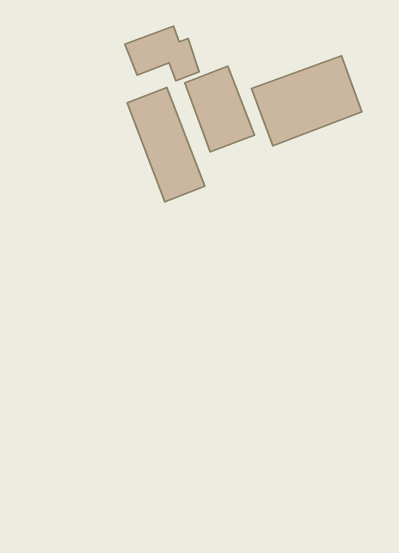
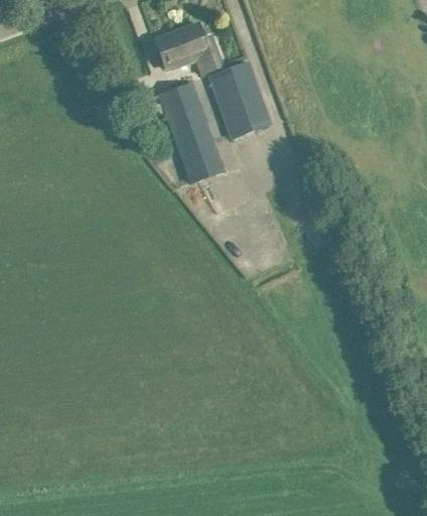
building: [251,56,362,146] -> none

